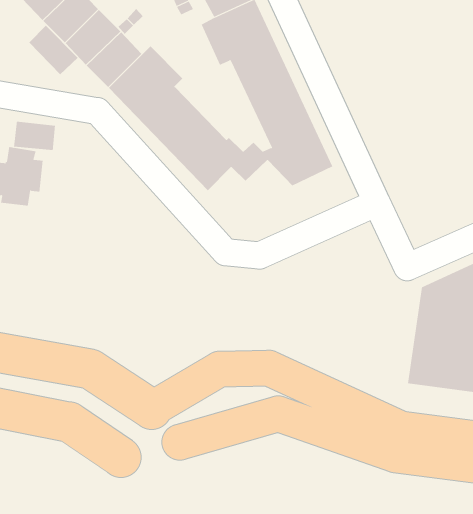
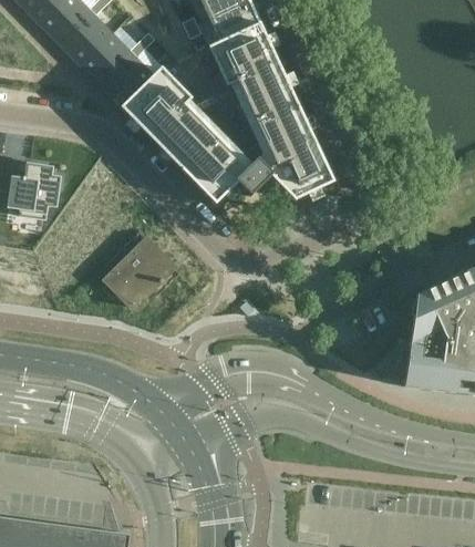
building: [29,25,78,75] -> none
building: [13,121,55,151] -> none
building: none -> [105,236,173,305]

